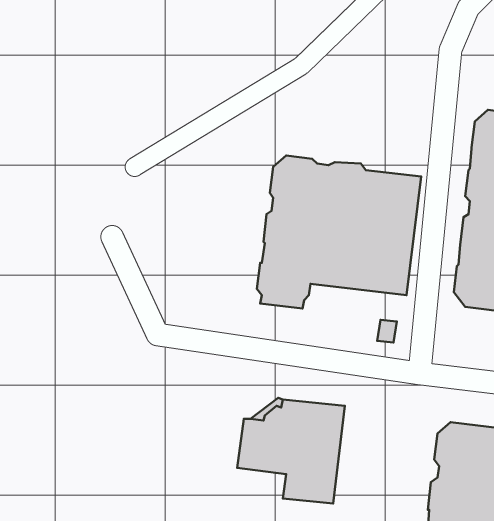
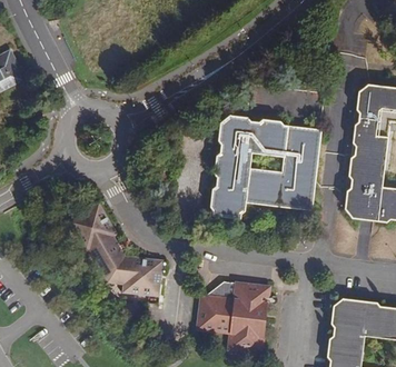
building: none -> [68,205,161,296]

